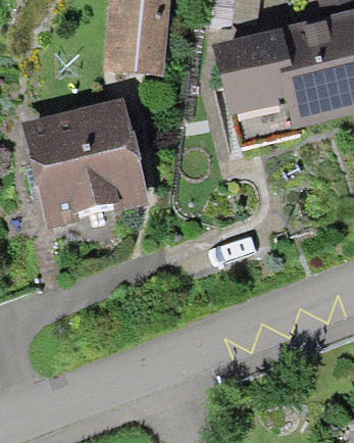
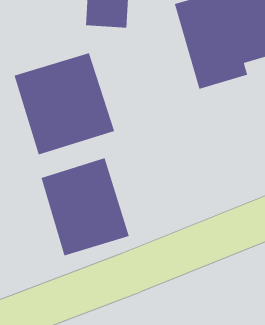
building: none -> [41,157,130,257]

